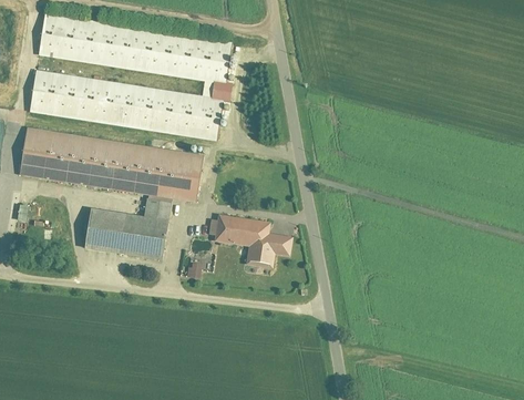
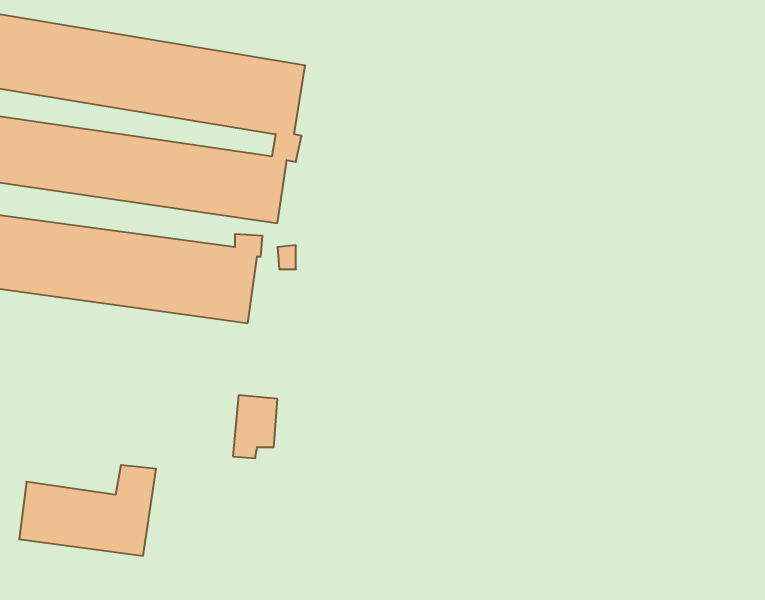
building: [86,201,168,255] -> [19,465,156,556]
building: [215,215,291,267] -> none

